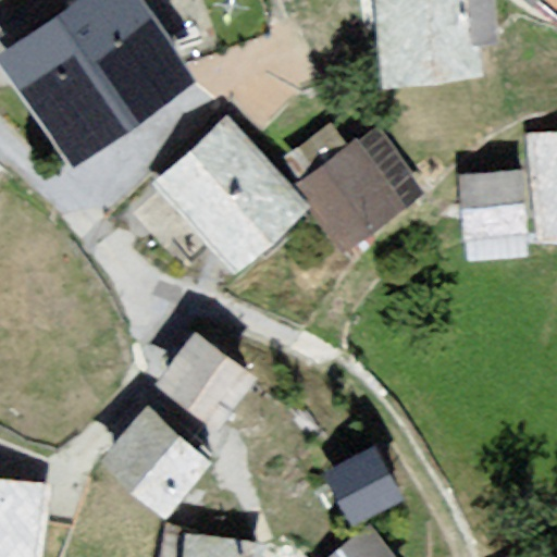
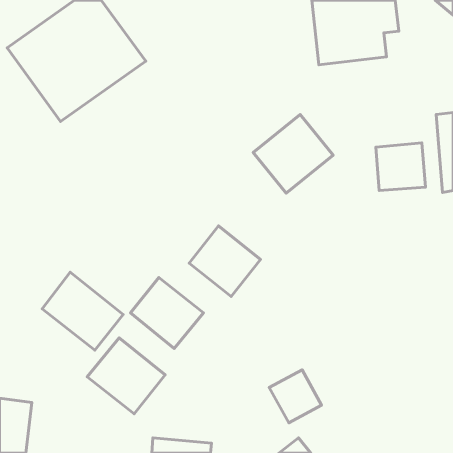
building: [162,127,299,265] -> none
building: none -> [189,226,261,297]
building: none -> [42,272,123,350]

